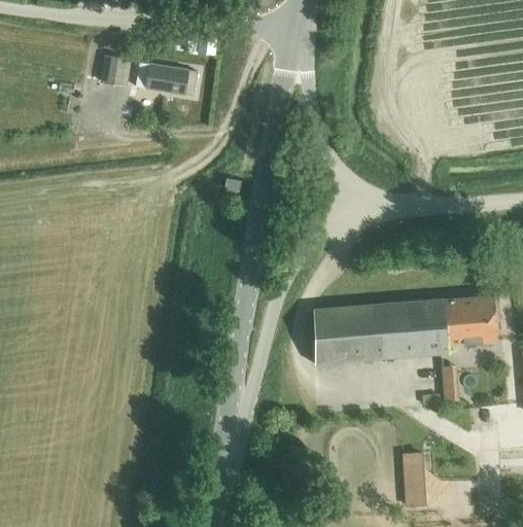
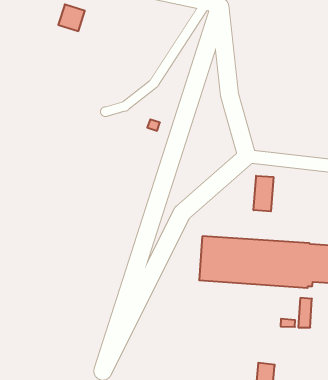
building: [135,63,196,95] -> none
building: none -> [254,176,273,211]

